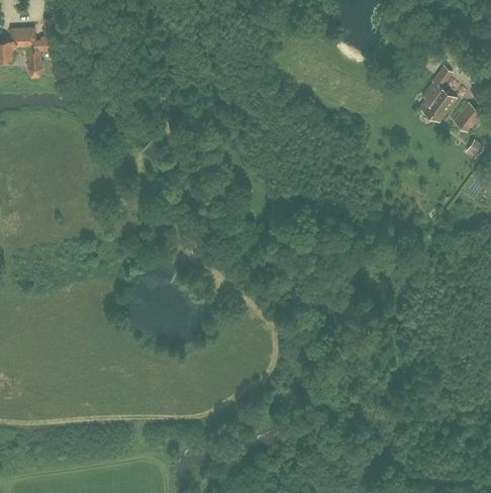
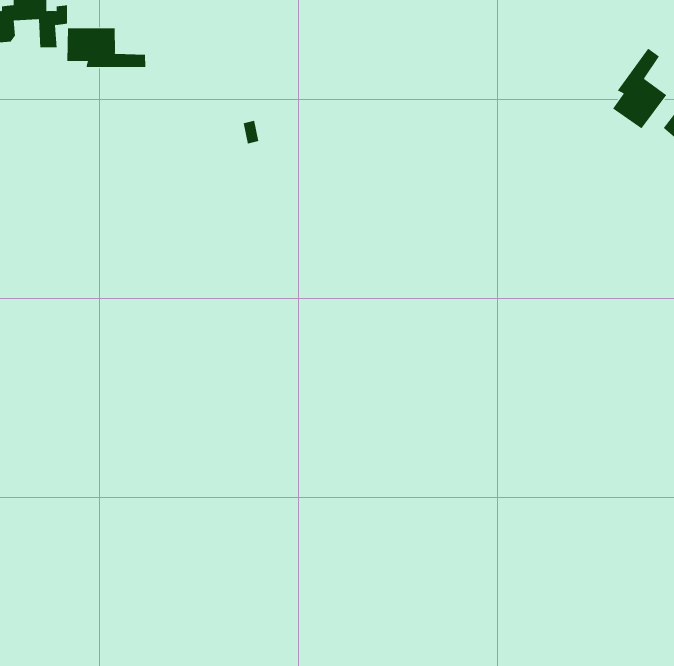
building: none -> [67,27,146,68]

